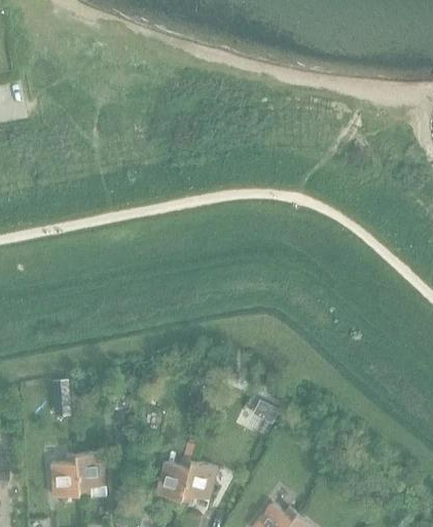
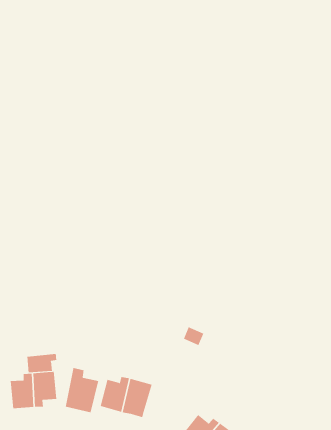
building: none -> [27,353,57,373]
building: none -> [65,367,99,413]

